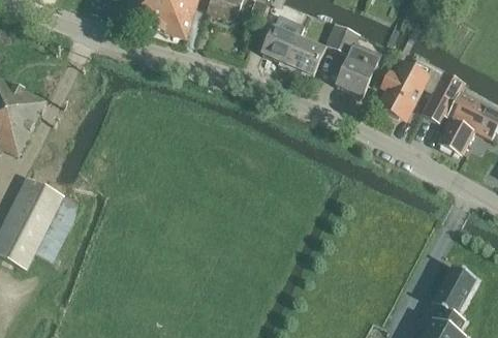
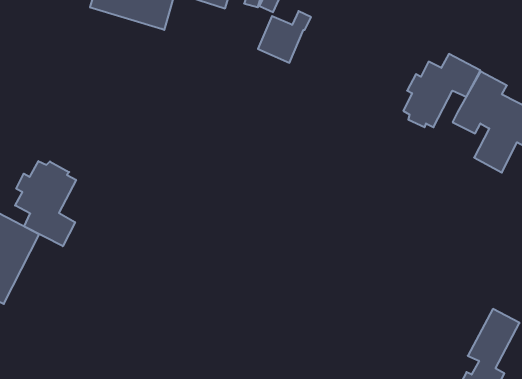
building: [326,23,380,96] -> none
building: [287,37,324,74] -> none
building: none -> [15,161,76,246]

